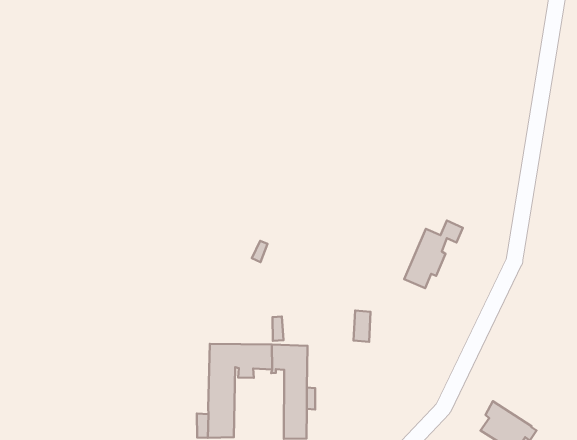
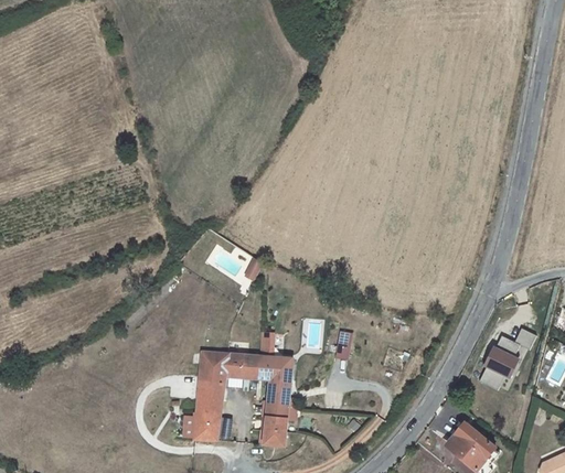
building: [404,220,463,288] -> [479,327,536,389]

